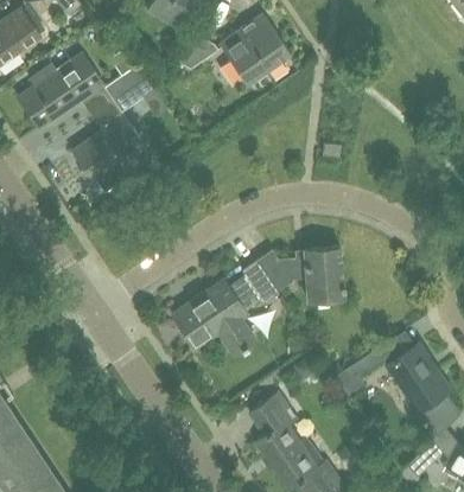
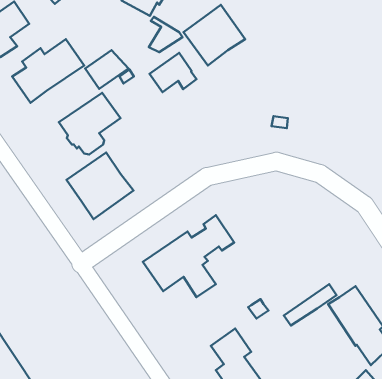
building: none -> [149,53,197,92]
building: none -> [66,152,133,219]
building: [256,248,344,302] -> none

